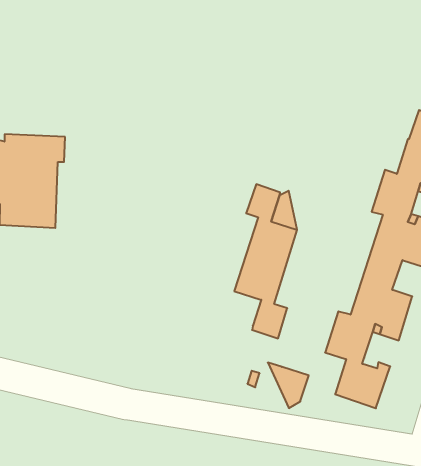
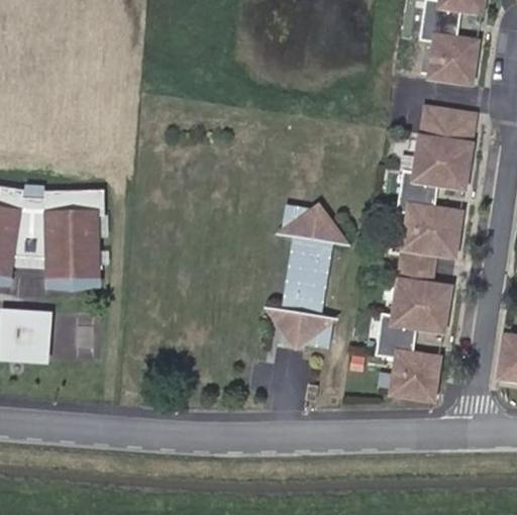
building: [268,363,309,408] -> [266,307,307,347]

